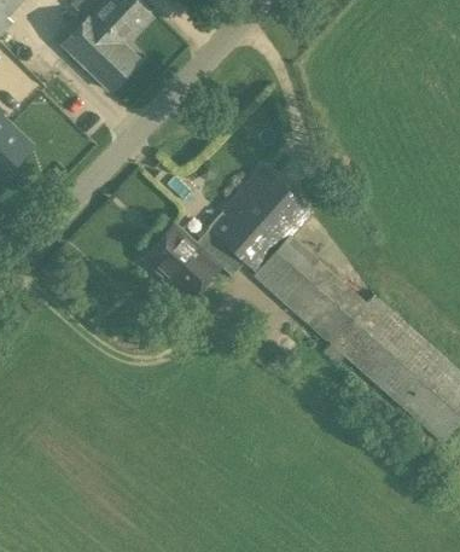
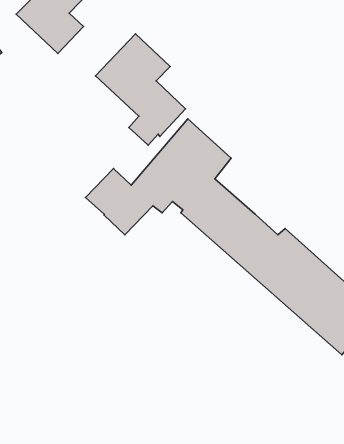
building: none -> [95,34,186,145]

